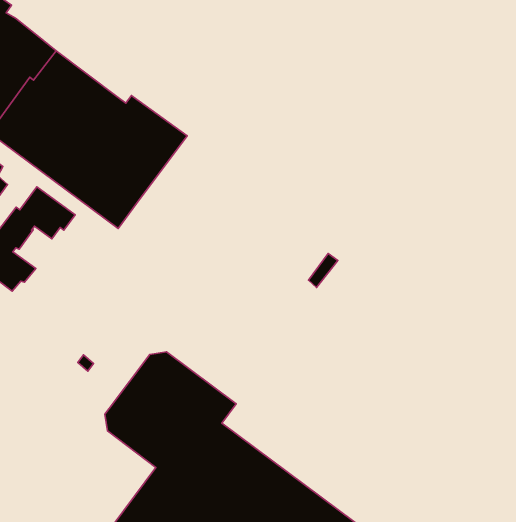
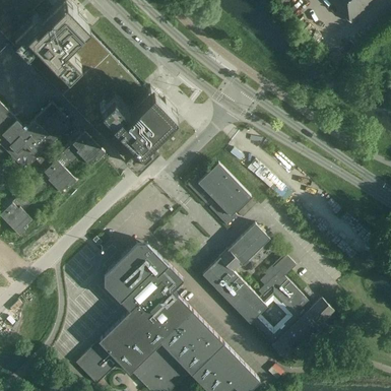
building: none -> [188,161,251,224]
building: none -> [202,222,334,357]

